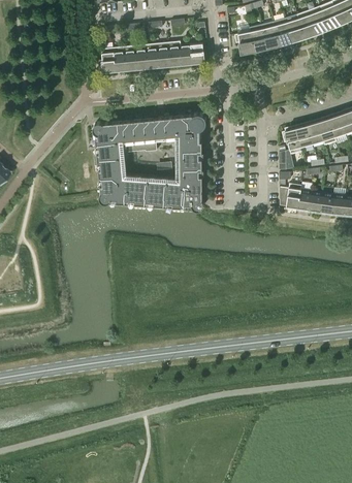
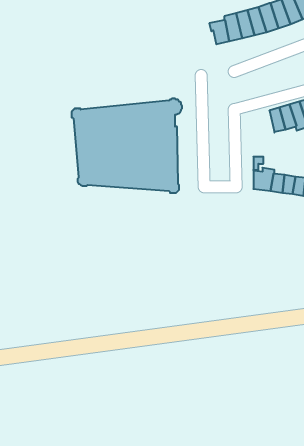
building: [98,42,205,73] -> none
building: [279,126,303,170] -> none

